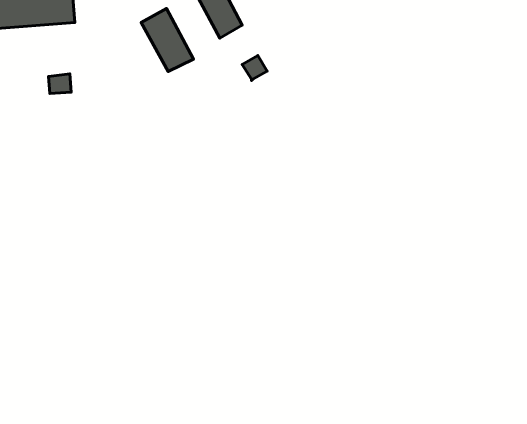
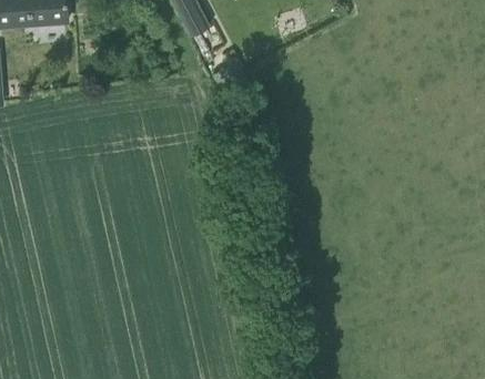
building: [141,8,193,72] -> none

